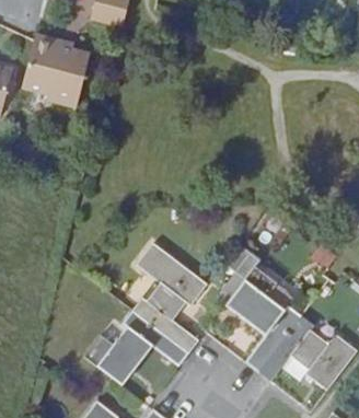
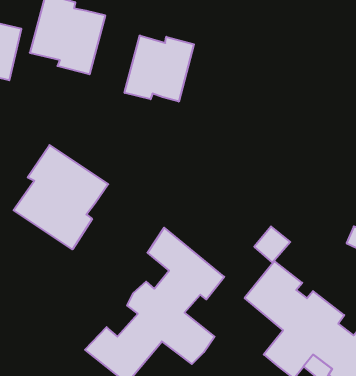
building: none -> [125,35,194,102]
building: none -> [14,145,108,249]

